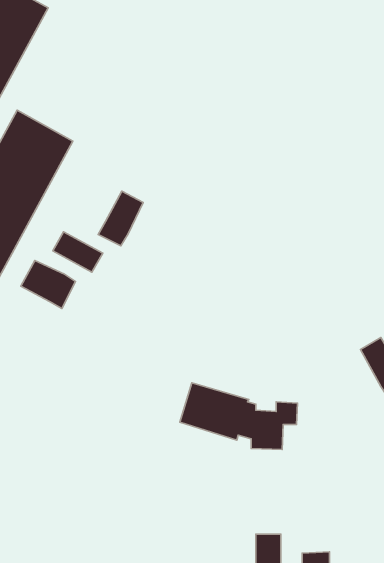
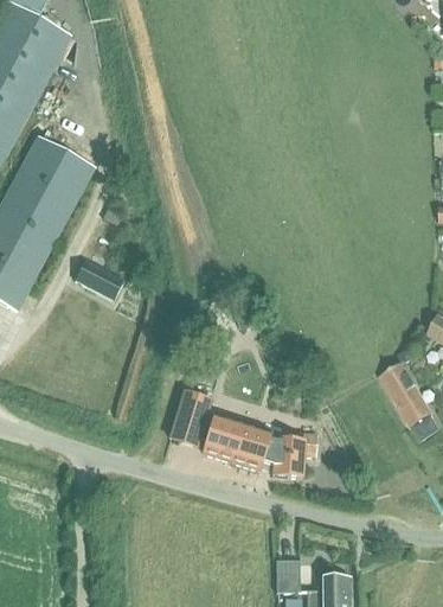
building: [98,191,143,246] -> none
building: [21,261,76,308] -> none
building: none -> [169,390,211,443]

